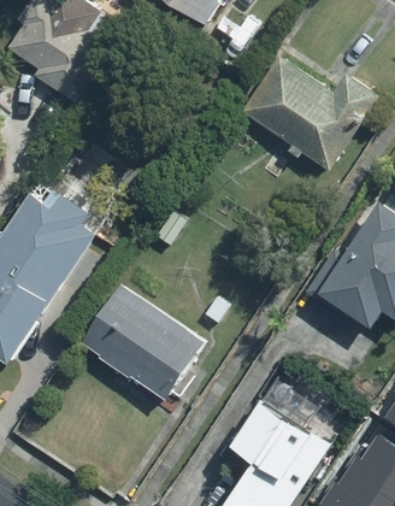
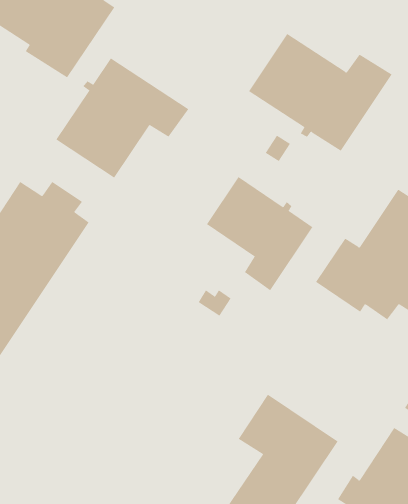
building: none -> [55,58,189,178]
building: none -> [206,176,313,291]
building: [83,288,205,401] -> none

